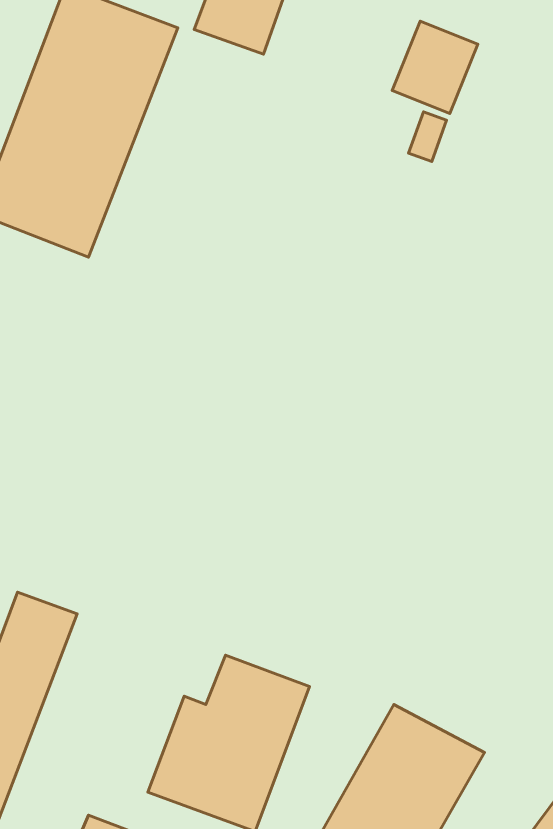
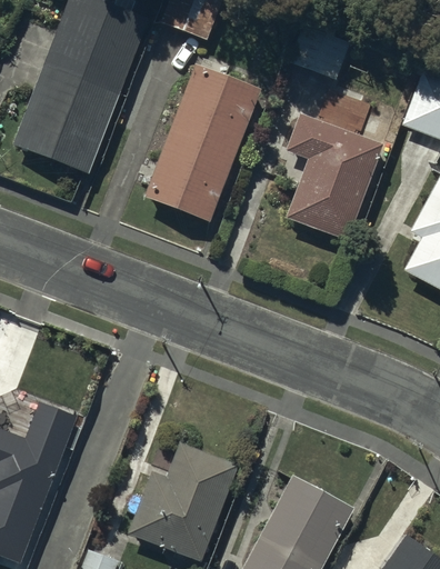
building: none -> [144,62,262,219]
building: none -> [286,113,382,239]

